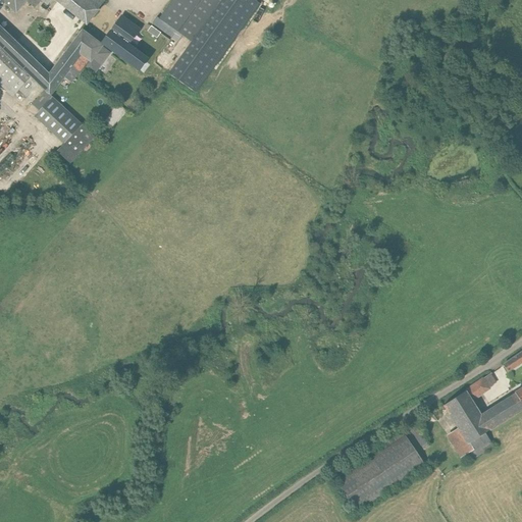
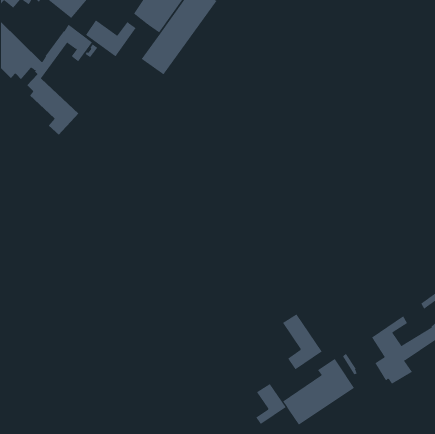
building: none -> [282,313,323,370]
building: none -> [256,383,286,425]

